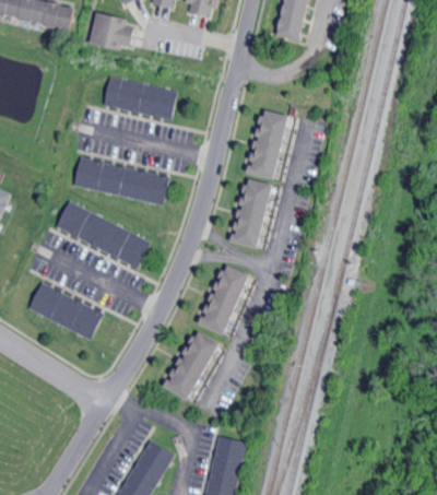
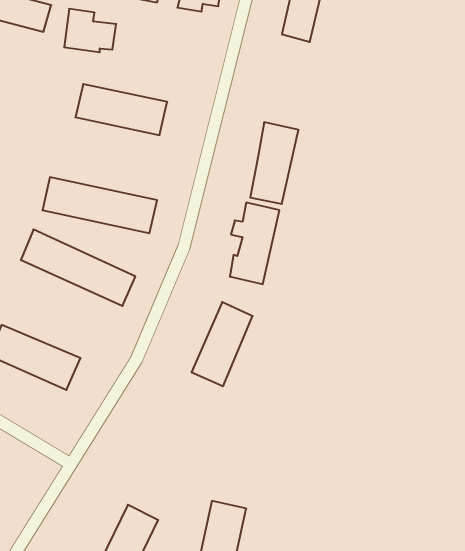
building: [162,329,221,401] -> none

